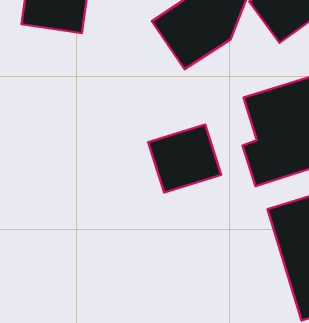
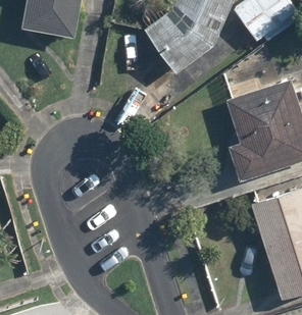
building: [148,125,221,192] -> none

